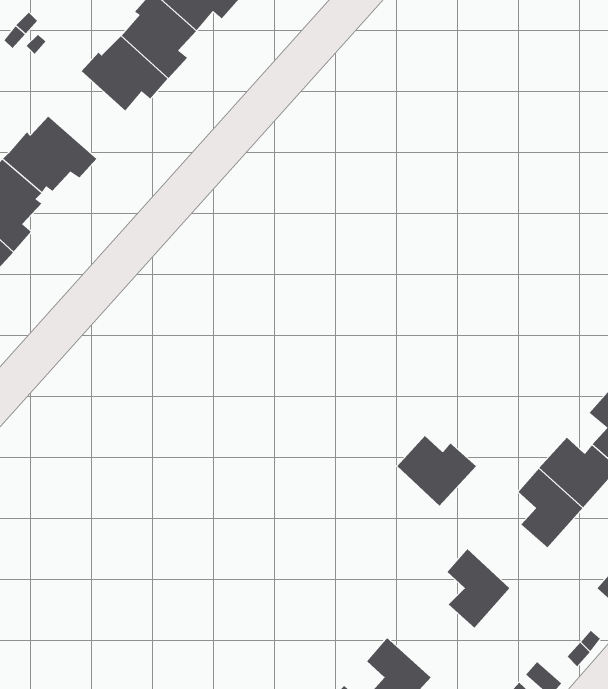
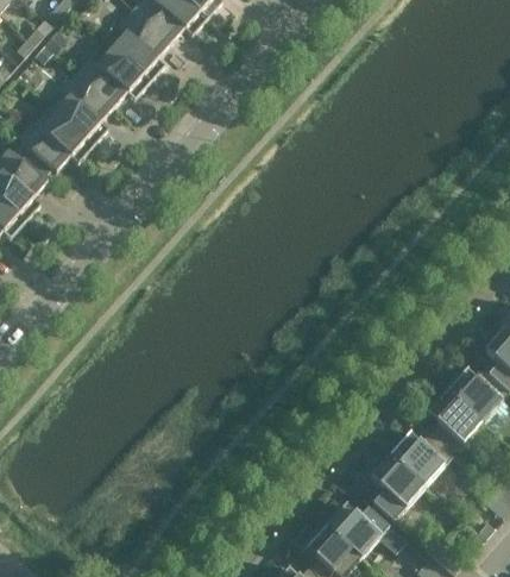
building: none -> [51,75,113,145]
building: [397,435,477,506] -> [386,432,451,489]
building: none -> [322,503,388,560]

